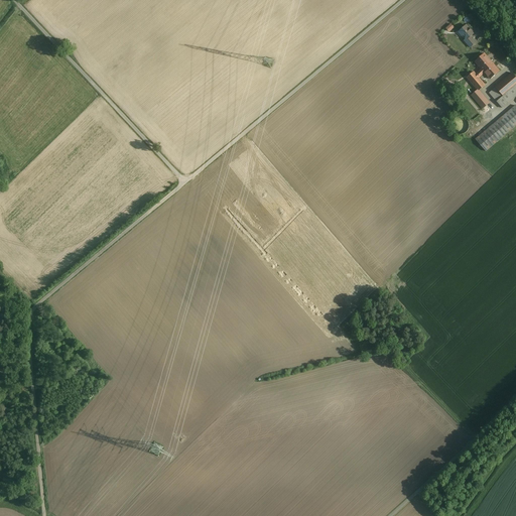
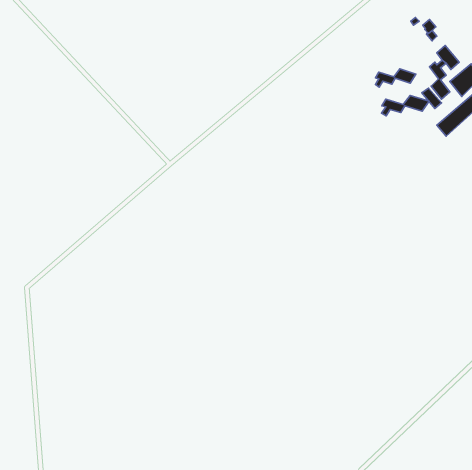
building: none -> [375,69,416,87]
building: none -> [382,95,429,116]

